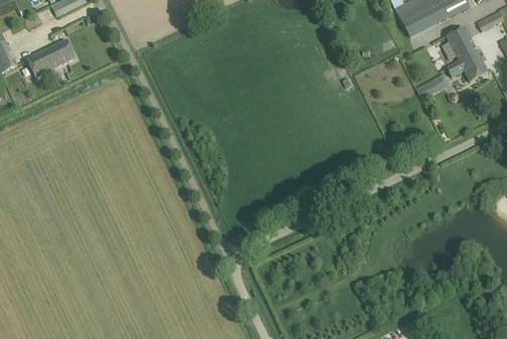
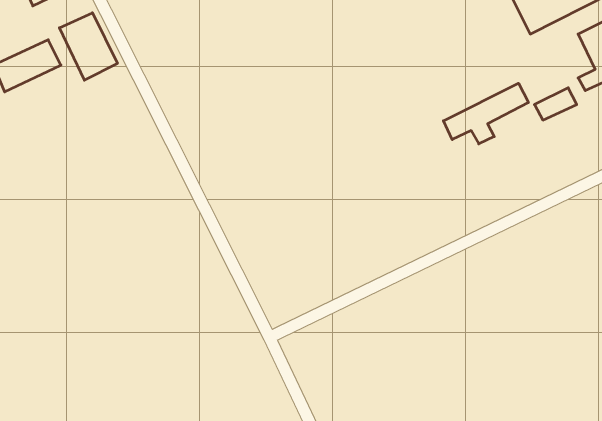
building: none -> [59,13,117,80]
building: none -> [443,83,528,144]

